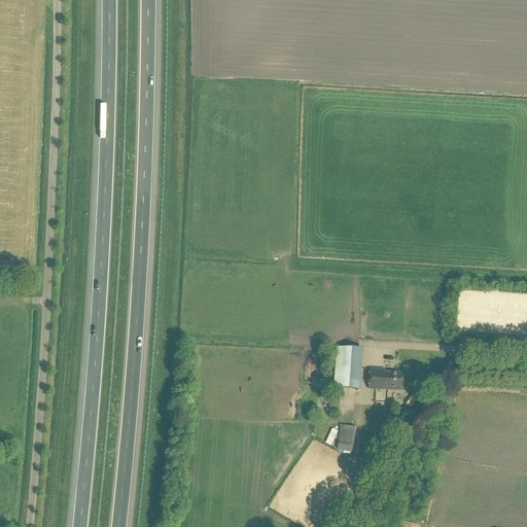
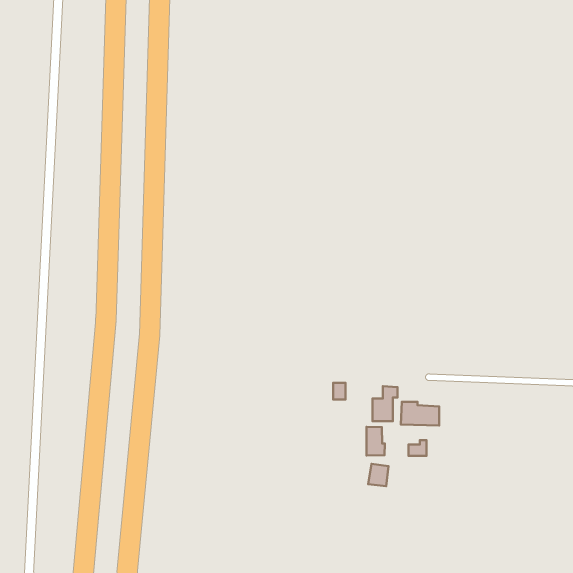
building: none -> [366,427,385,456]

